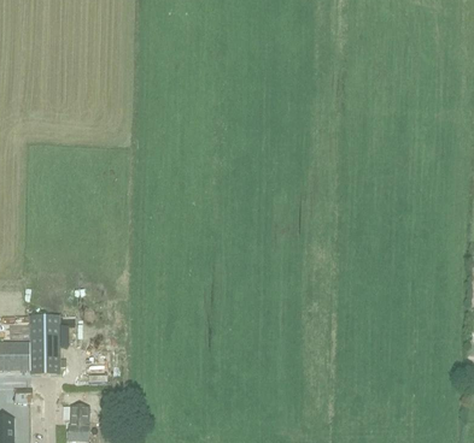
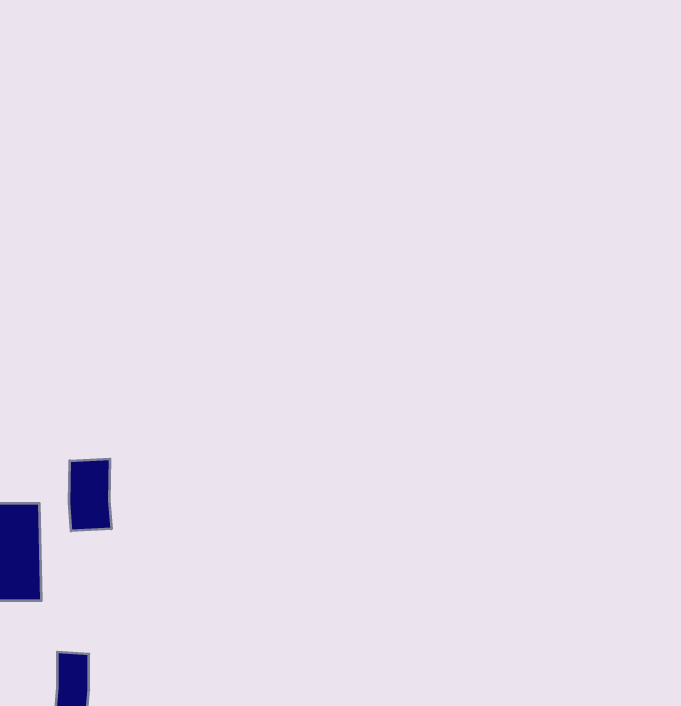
building: none -> [69,459,111,531]

